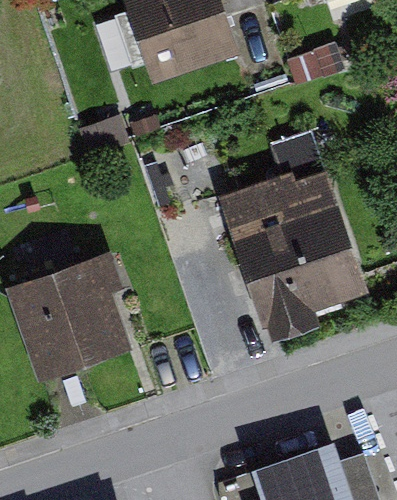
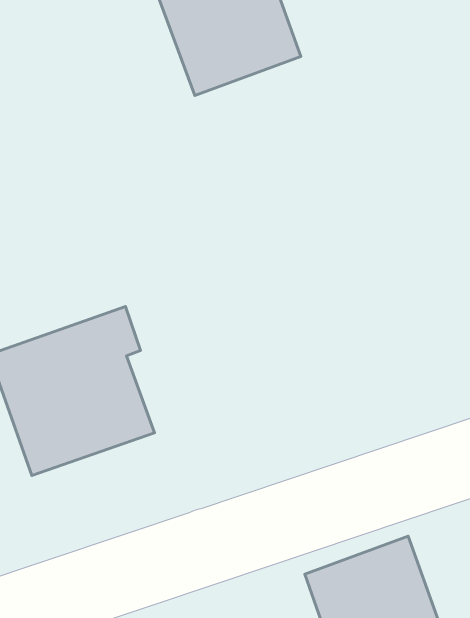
building: [228,165,362,324] -> none

